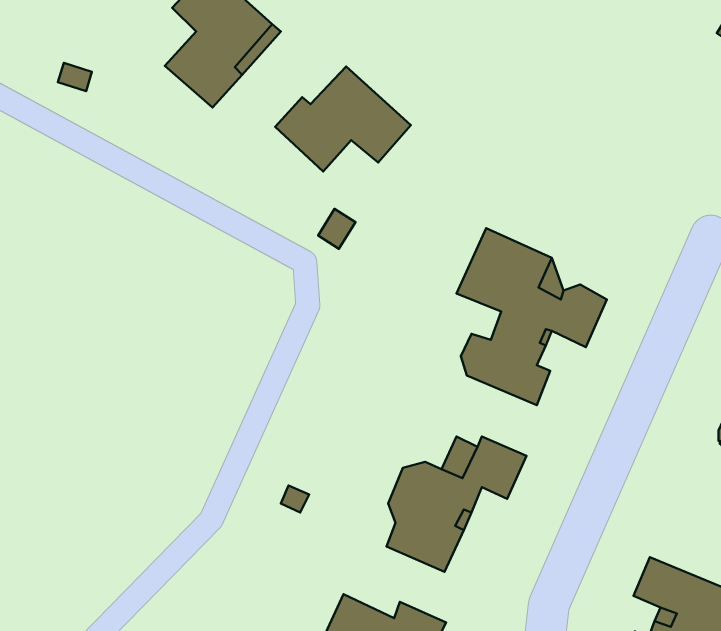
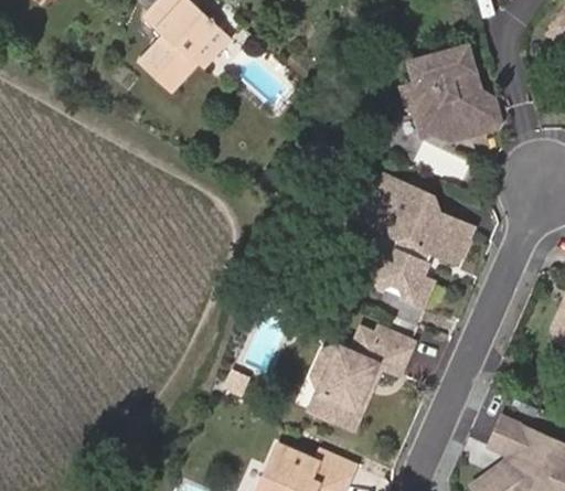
building: none -> [403,43,502,139]
building: [275,67,411,172] -> none

